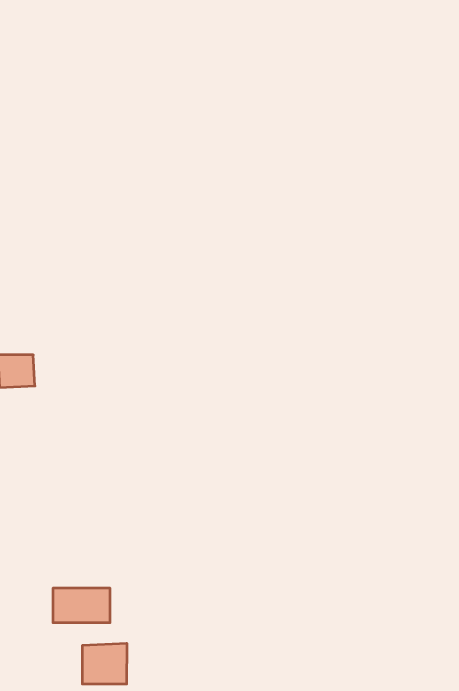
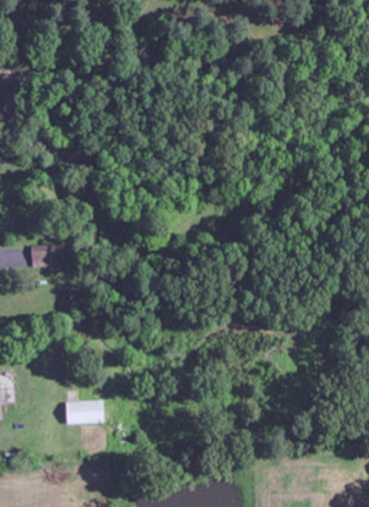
building: [82,643,127,684] -> none

